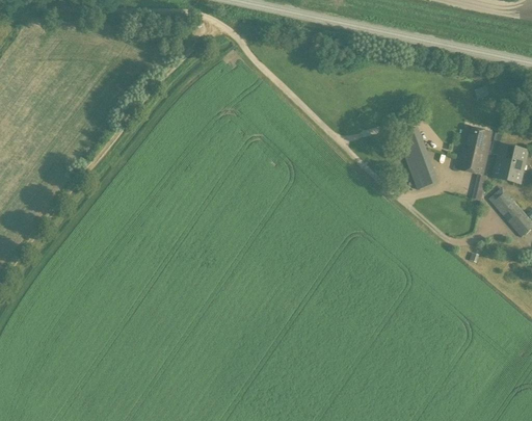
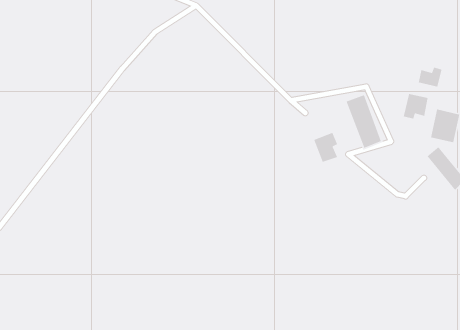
building: [460,151,488,175] -> [418,67,443,88]
building: none -> [313,132,338,163]

